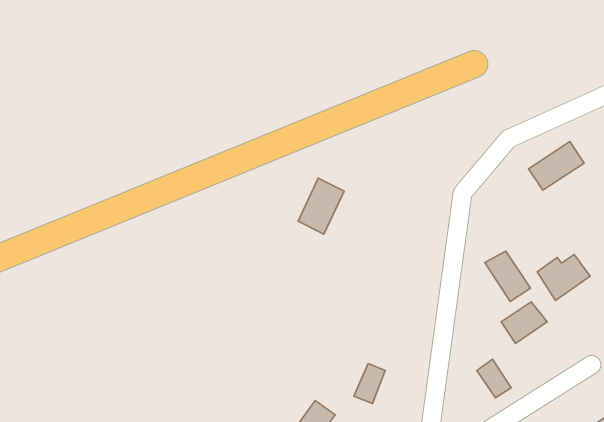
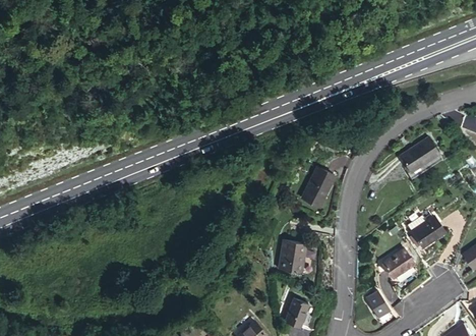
building: [298,178,344,234] -> [300,168,333,208]
building: [485,251,530,301] -> none
building: none -> [277,234,305,268]

